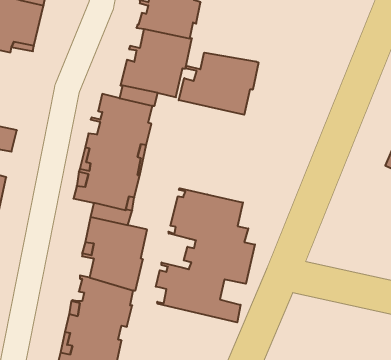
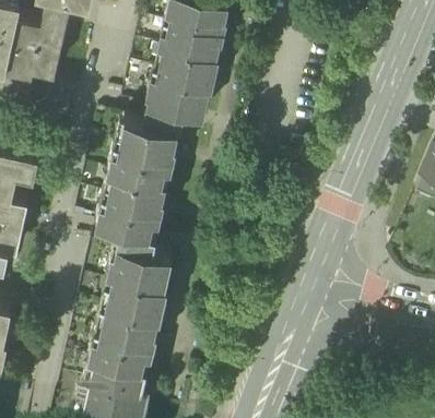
building: [179,53,258,115] -> none
building: [156,188,255,322] -> none

